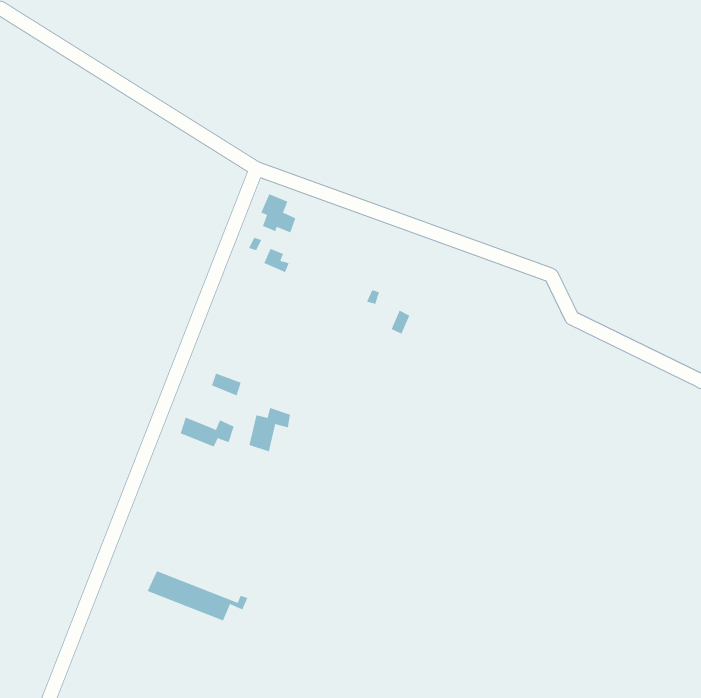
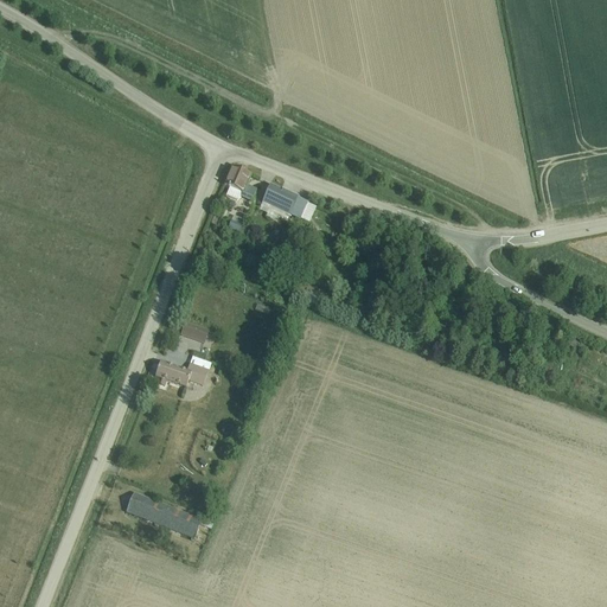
building: none -> [262,184,306,219]
building: [249,407,290,452] -> none

